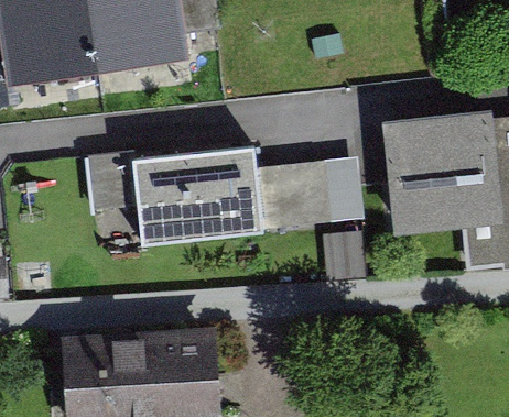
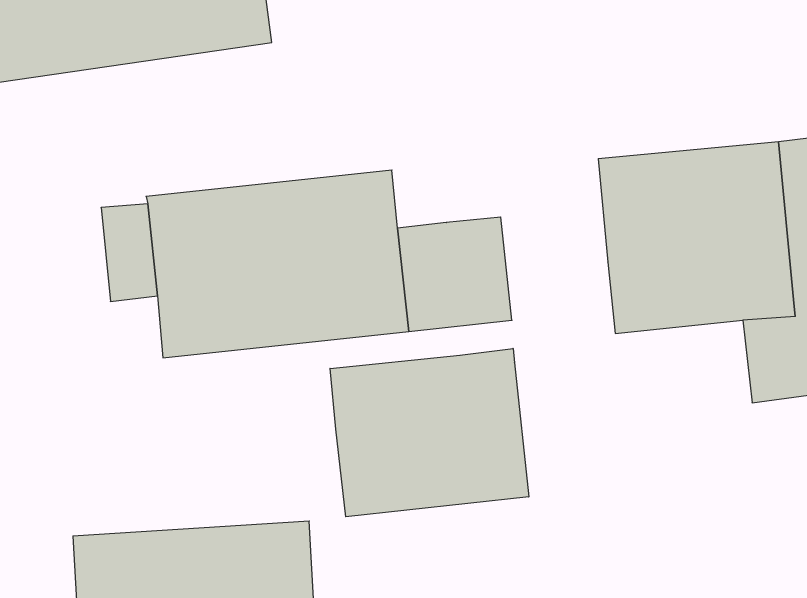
building: none -> [330,348,529,517]

